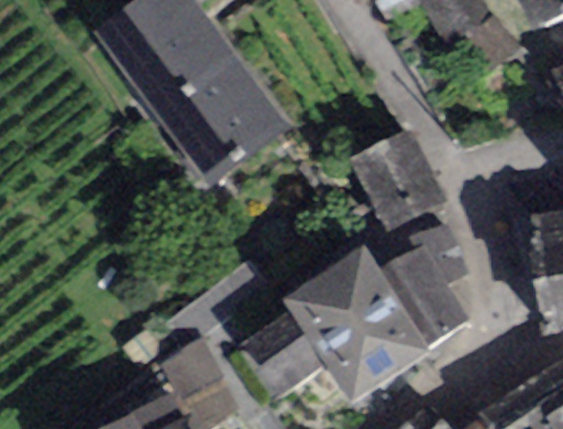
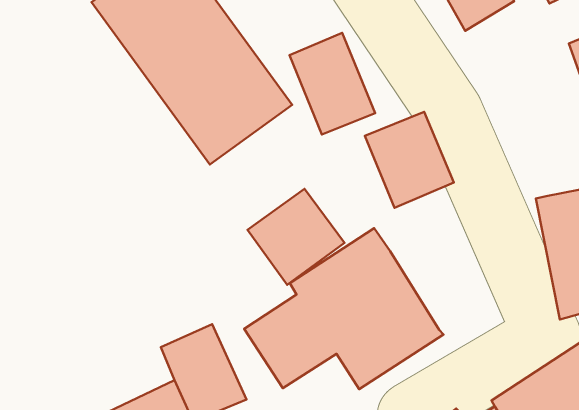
building: none -> [289,33,375,134]
building: none -> [248,189,344,285]
building: [379,221,473,343] -> none

